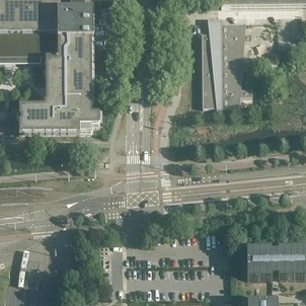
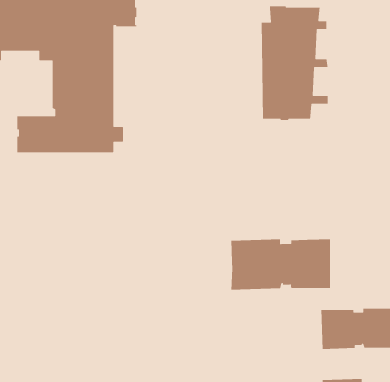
building: none -> [231,238,331,291]

